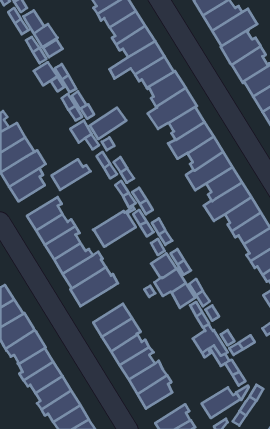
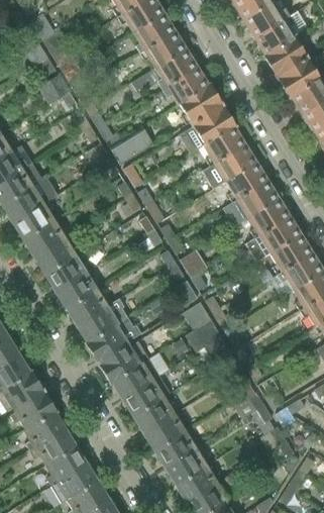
building: [52,159,91,190] -> [24,220,71,256]
building: [93,207,136,247] -> [98,336,148,384]
building: [202,387,241,418] -> [176,466,222,502]

